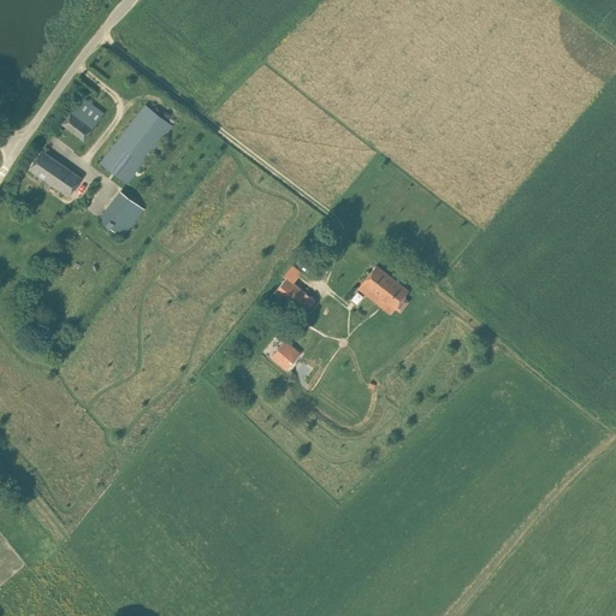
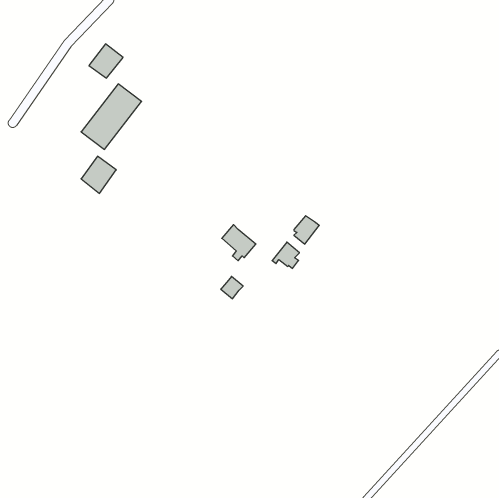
building: [63,97,105,140] -> [89,44,123,78]
building: [29,150,82,197] -> none
building: [375,279,409,312] -> [272,242,299,268]

